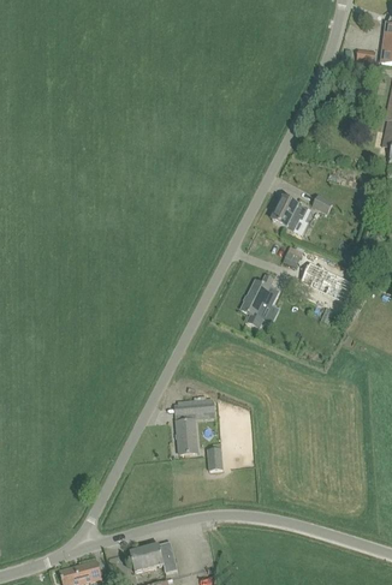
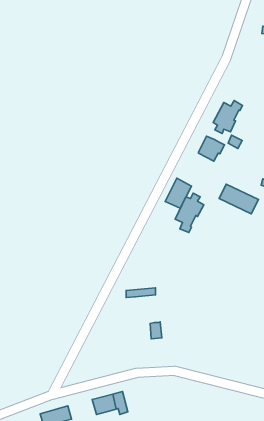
building: none -> [213,101,242,133]
building: none -> [165,178,191,208]
building: [176,418,196,454] -> none

